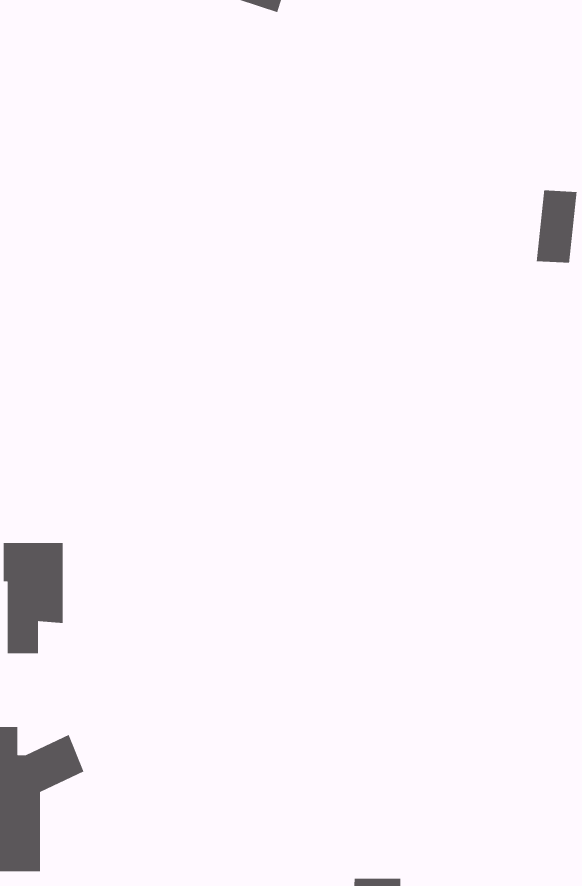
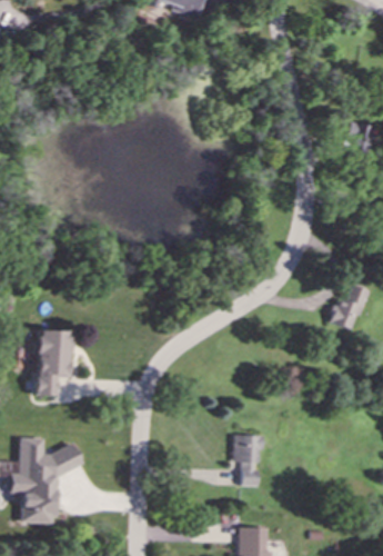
building: none -> [331,285,366,328]
building: none -> [233,434,261,485]

